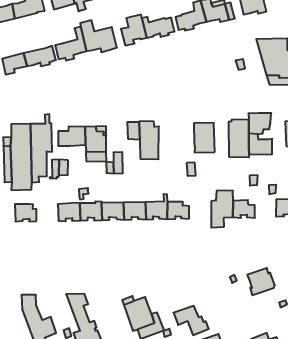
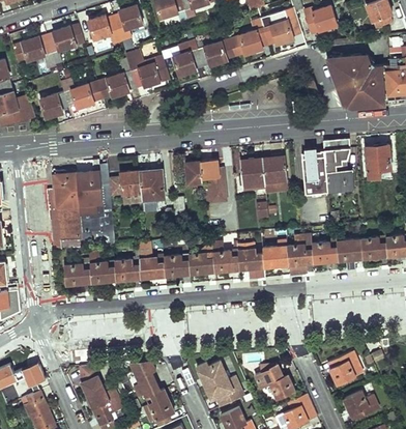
building: none -> [239,159,264,183]
building: none -> [88,246,116,282]
building: none -> [337,238,362,261]
building: none -> [262,246,289,267]
building: [247,268,275,295] -> [329,352,361,384]

